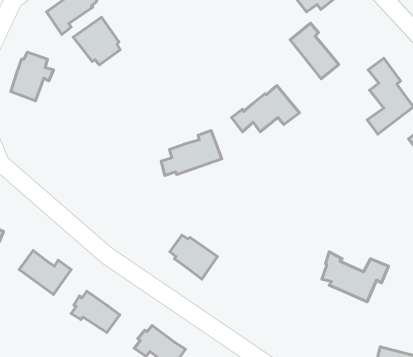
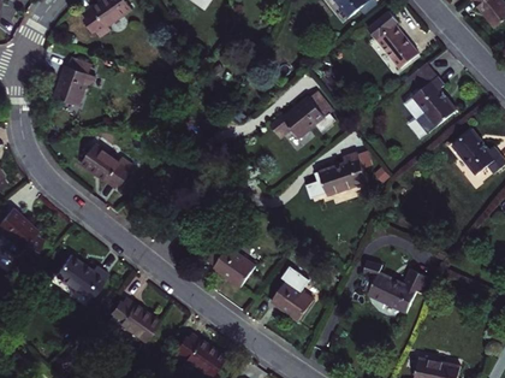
building: [73,17,120,65] -> none
building: [290,23,339,79] -> [368,12,417,69]
building: [161,130,222,176] -> [309,153,370,199]
building: none -> [84,144,132,187]
building: none -> [274,280,315,320]

